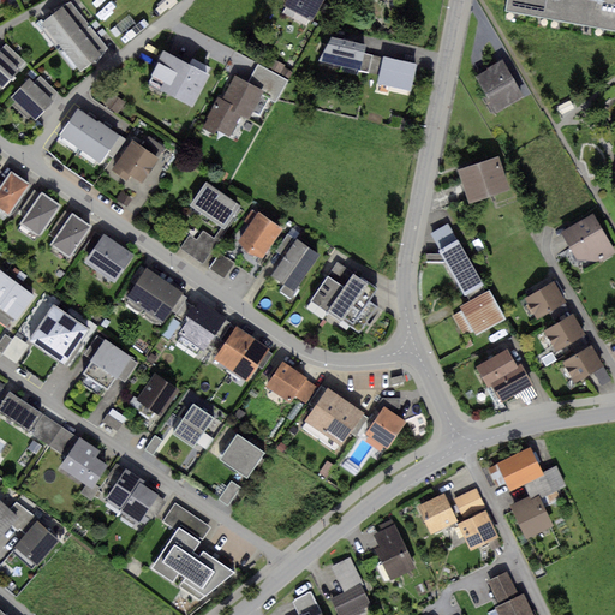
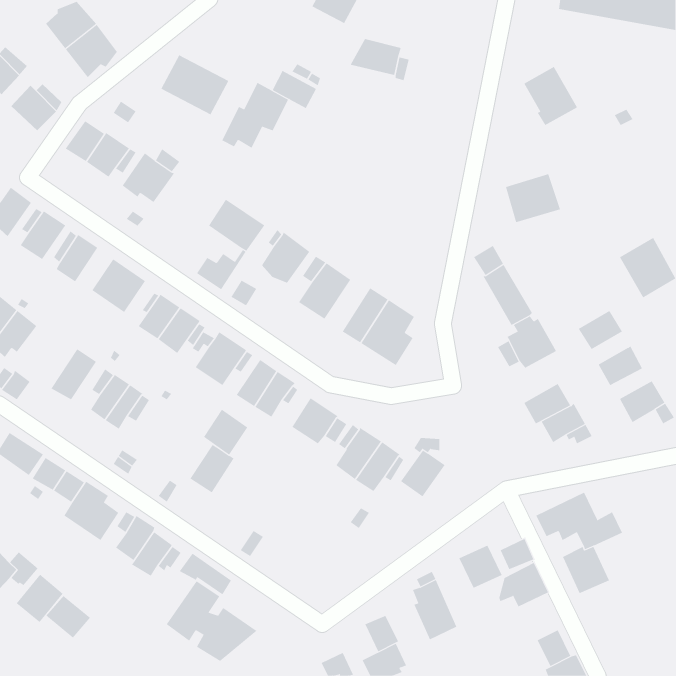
building: [376,55,417,91] -> none
building: [29,304,70,352] -> none
building: [137,372,178,414] -> [203,409,248,455]
building: [217,432,264,478] -> none
building: none -> [45,595,91,638]

